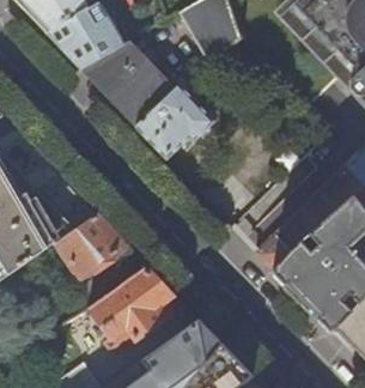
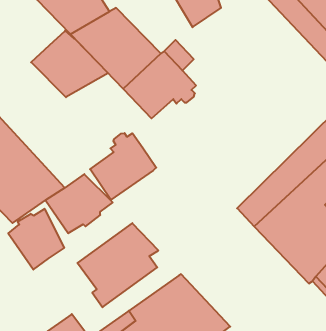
building: none -> [31,31,108,97]
building: none -> [90,133,156,200]
building: none -> [8,209,64,270]

